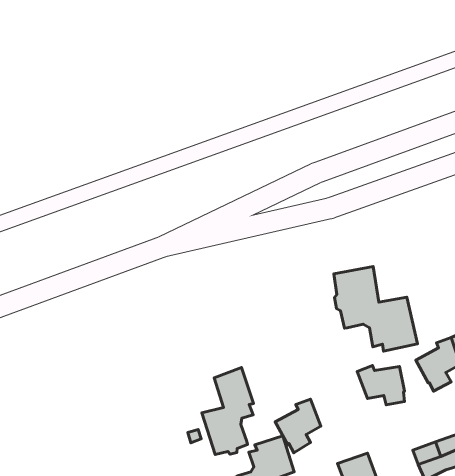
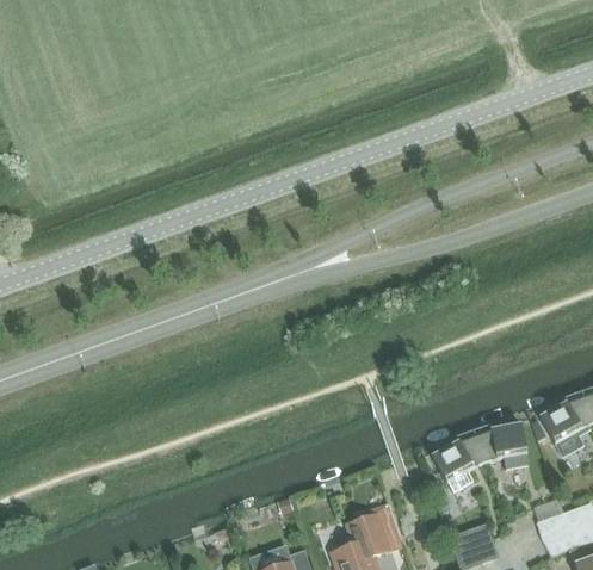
building: [334,266,417,351] -> none
building: [202,368,253,454] -> none
building: [275,399,321,453] -> [432,430,484,492]

